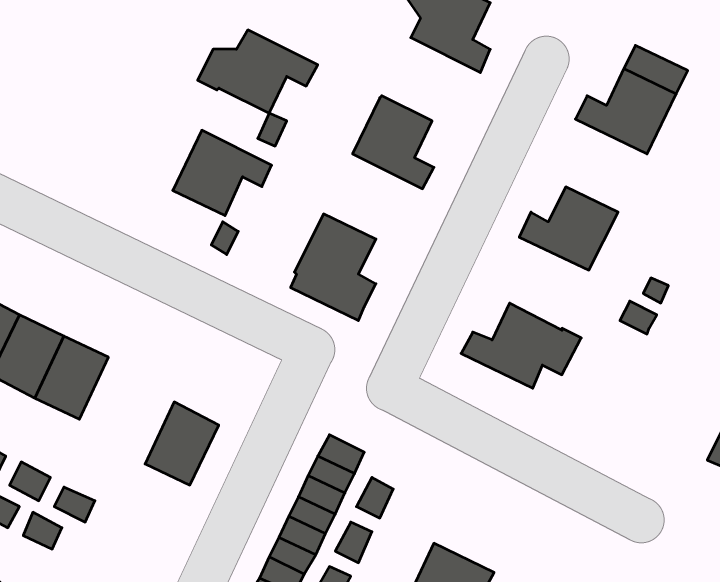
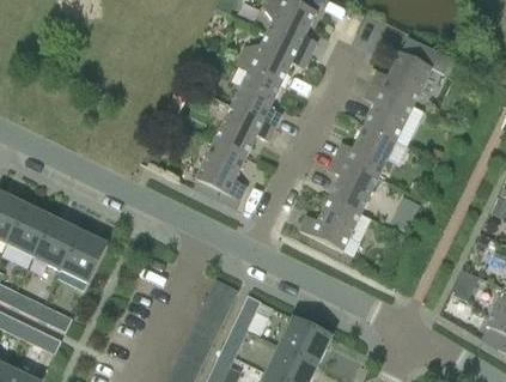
building: [198,30,318,113] -> [236,32,310,84]
building: none -> [362,83,413,140]
building: [173,130,272,216] -> [213,104,274,157]
building: none -> [328,156,377,213]
building: [145,402,219,485] -> [62,230,108,281]
building: none -> [281,317,333,363]

